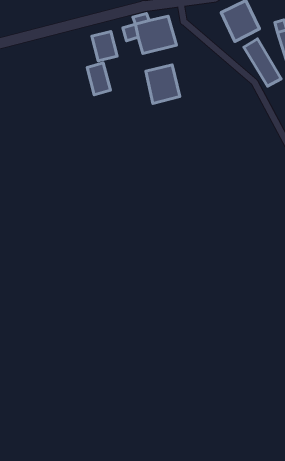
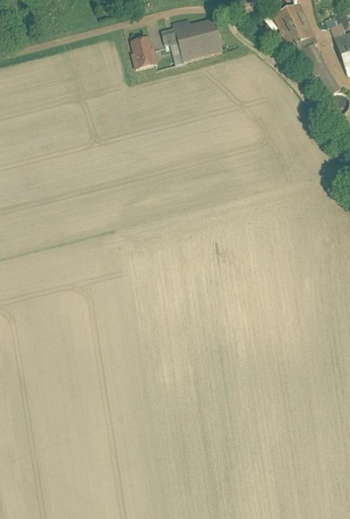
building: [87,63,110,95] -> none
building: [146,65,180,103] -> none

